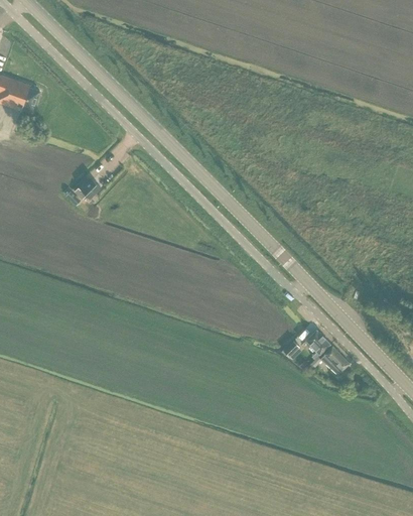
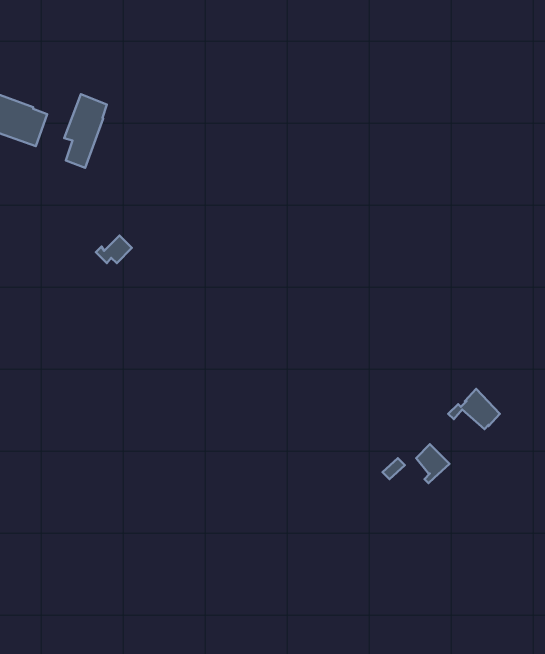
building: none -> [64,94,107,168]
building: [311,345,349,374] -> [448,389,500,429]

